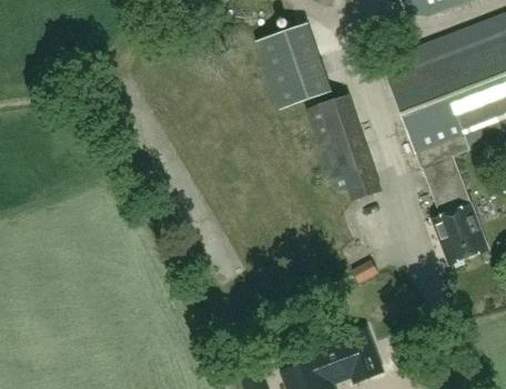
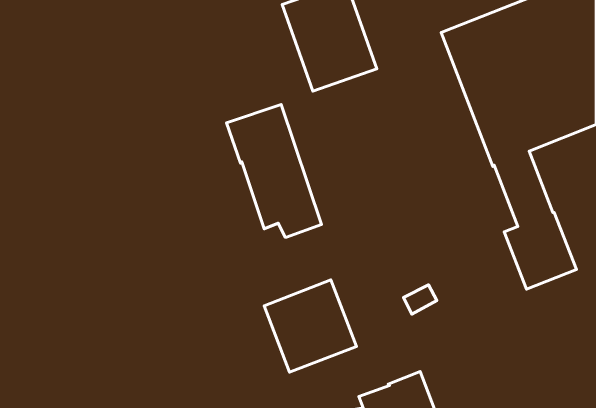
building: [306,94,382,199] -> [227,105,321,237]
building: none -> [264,280,356,372]

